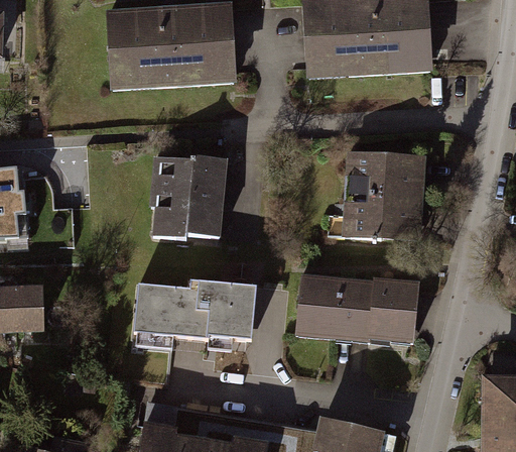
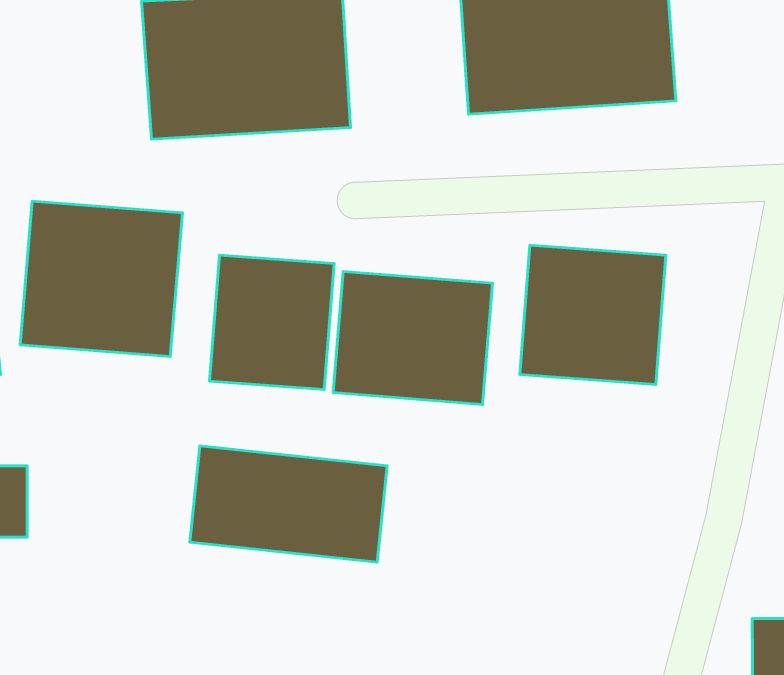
building: none -> [20,201,182,357]
building: none -> [333,271,492,404]
building: [298,275,419,347] -> none

